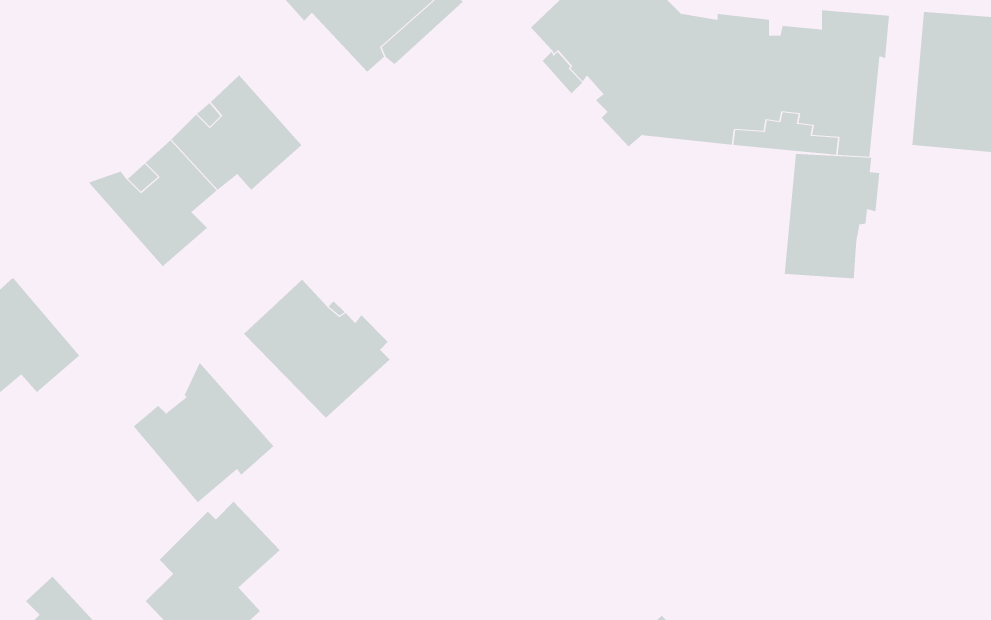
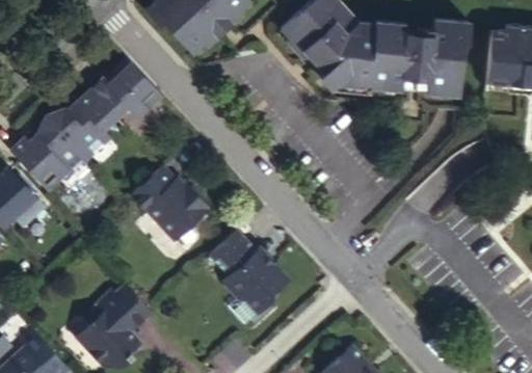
building: [784,153,880,279] -> none
building: [133,362,274,503] -> [12,114,87,189]
building: none -> [211,229,288,313]

